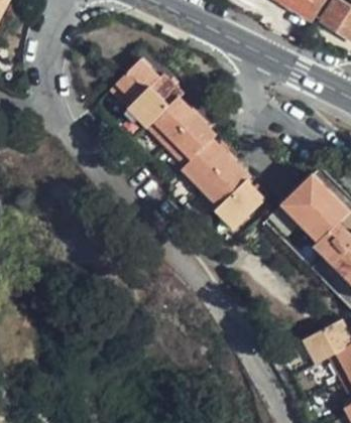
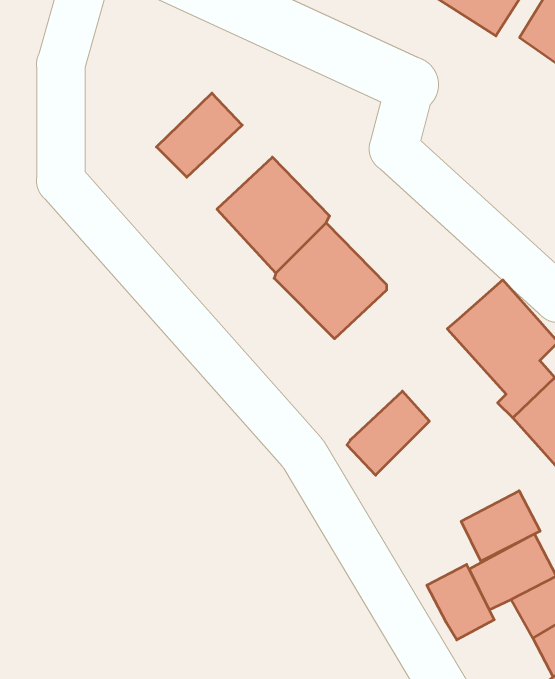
building: [126,72,180,126] -> none
building: [213,174,262,225] -> [347,391,429,475]
building: none -> [461,491,540,561]
building: none -> [427,564,494,640]

